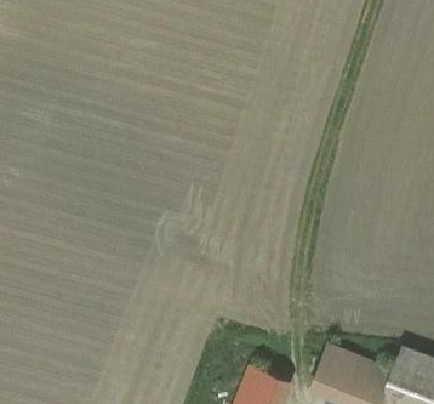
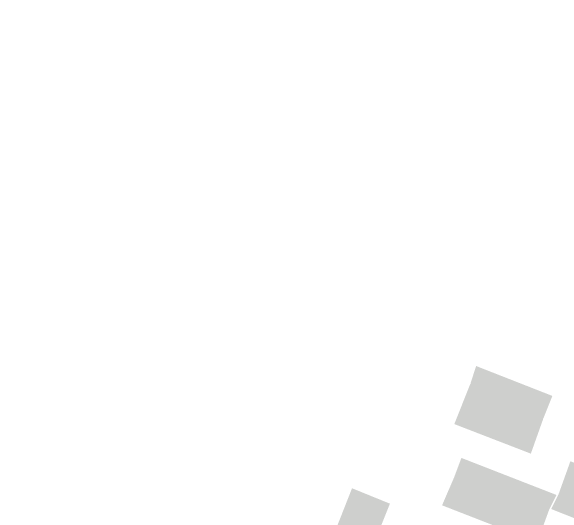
building: none -> [454,365,553,455]

